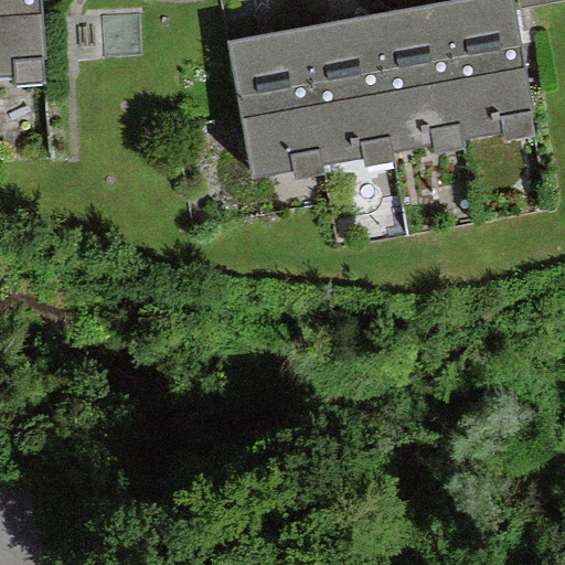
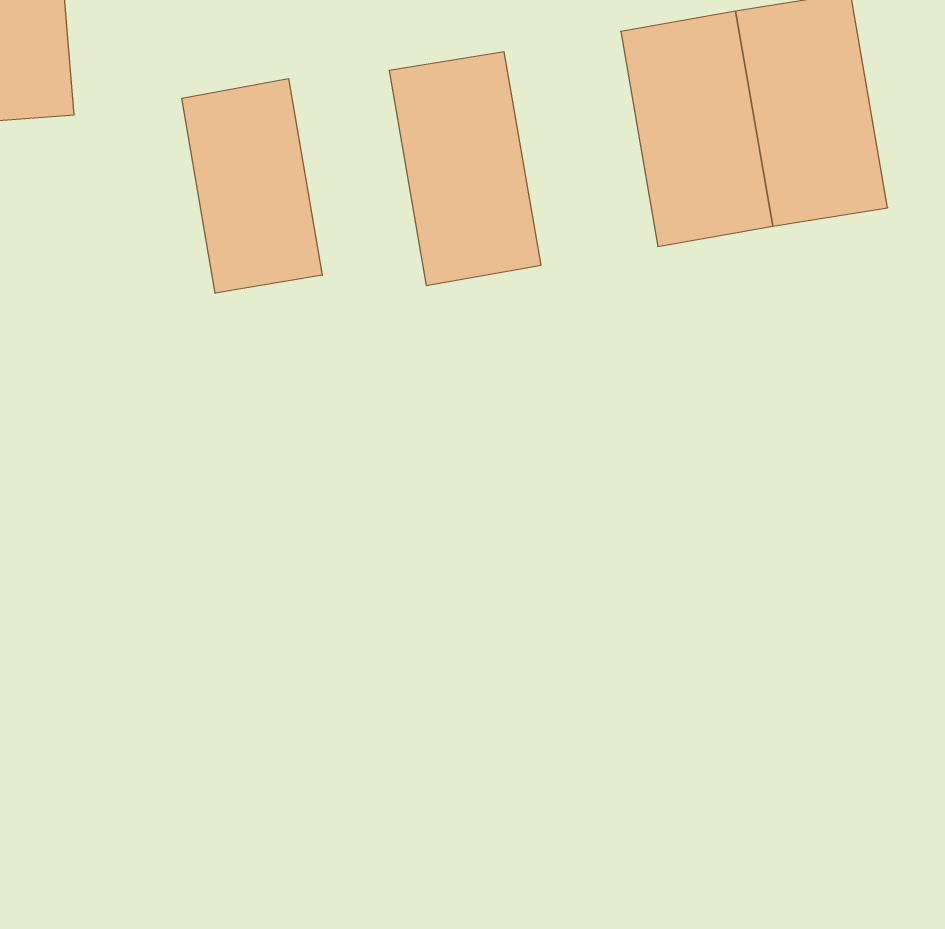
building: [300,19,392,158] -> none
building: none -> [182,79,322,293]

